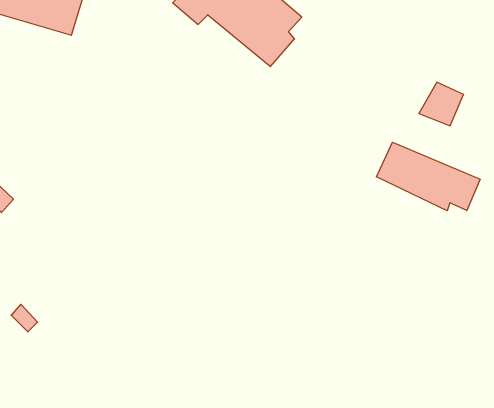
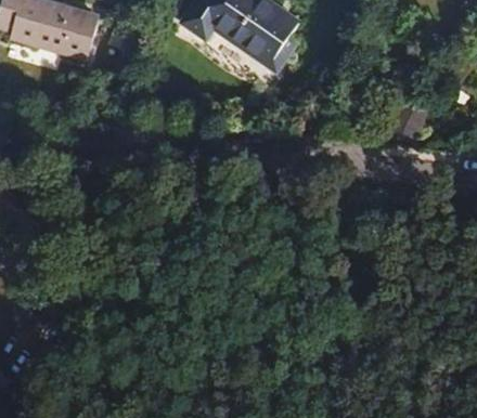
building: [376,142,480,211] -> none

